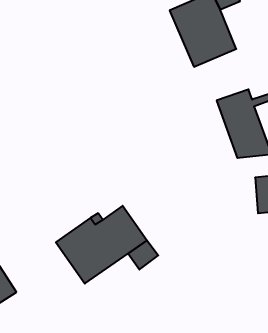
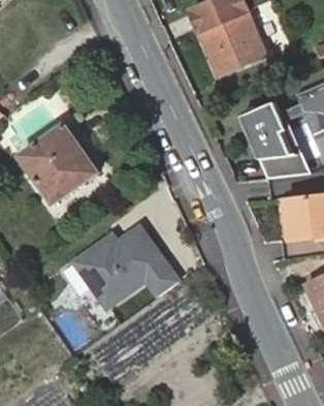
building: none -> [22,129,94,204]

